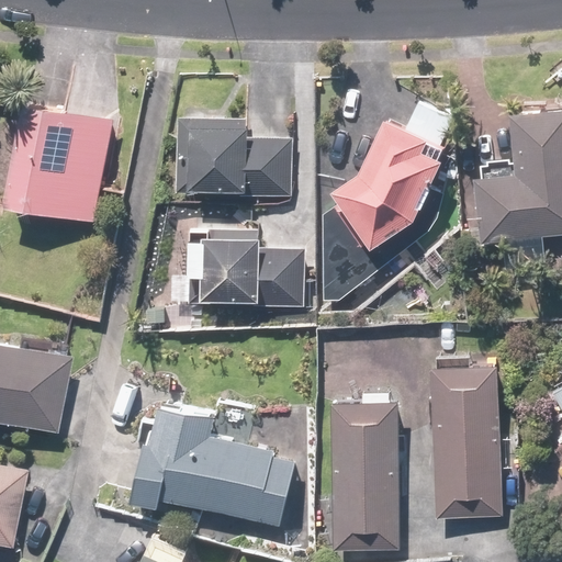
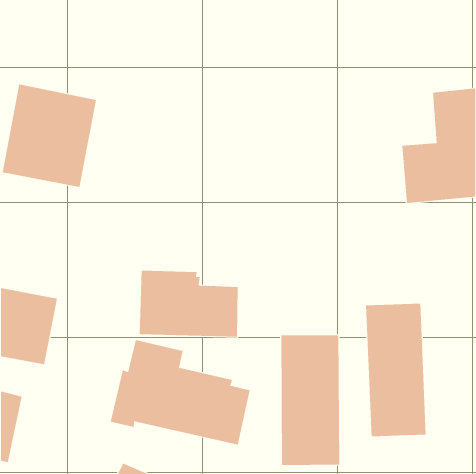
building: [323,116,453,302] -> none
building: [177,119,294,198] -> none
building: [189,229,306,308] -> [139,270,239,337]

